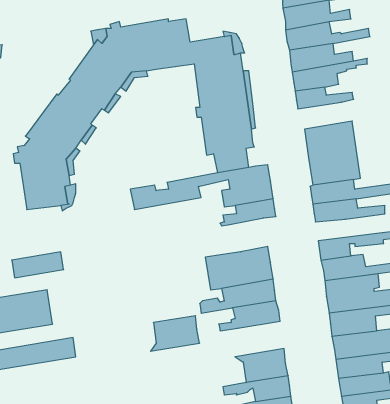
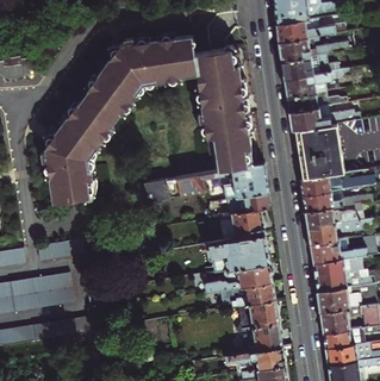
building: none -> [289,107,360,132]
building: none -> [230,208,263,238]
building: none -> [305,210,363,229]
building: [151,316,200,351] -> [235,299,278,330]

